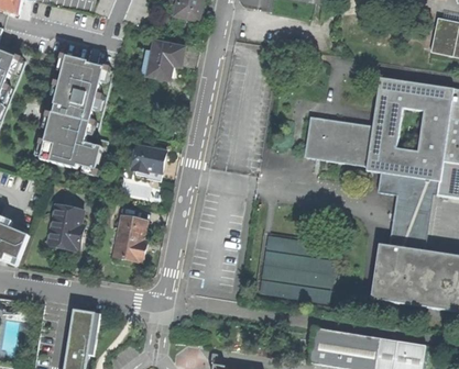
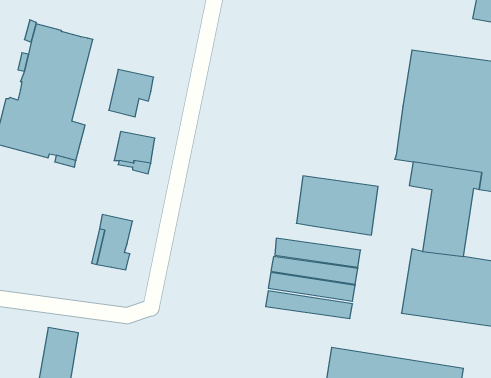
building: [146,41,184,80] -> [109,69,154,117]
building: [304,116,372,166] -> [296,176,378,235]
building: [52,204,84,247] -> none

